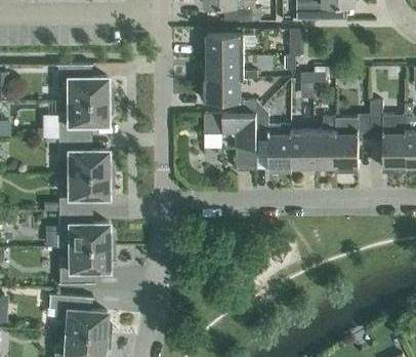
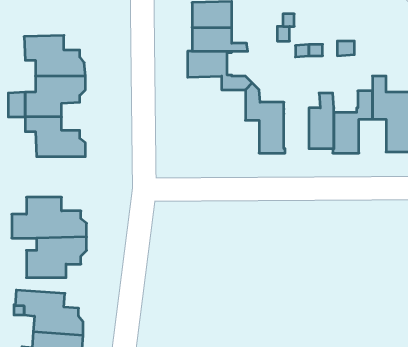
building: [203,113,255,170] -> none
building: [290,129,313,166] -> none
building: [57,173,111,210] -> none

